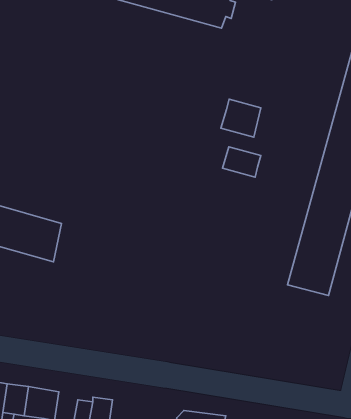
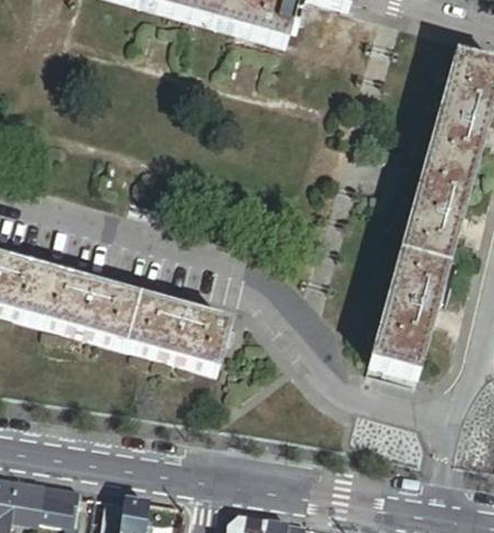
building: [221,99,261,137] -> none
building: [222,147,261,177] -> none
building: none -> [79,284,231,370]

